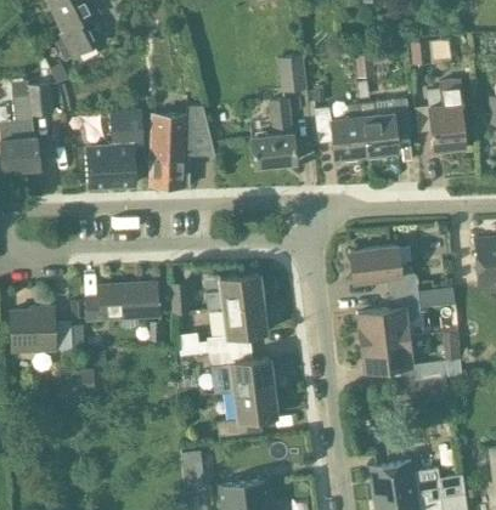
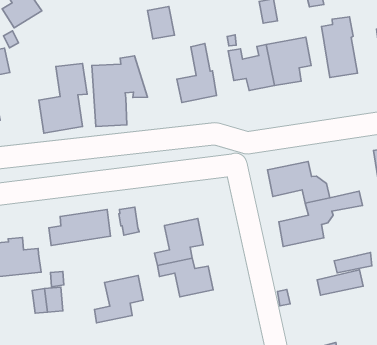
building: [277,56,306,92] -> [147,6,174,39]
building: [207,274,261,310] -> none
building: [359,338,411,372] -> none
building: [218,387,276,438] -> [94,276,143,323]

